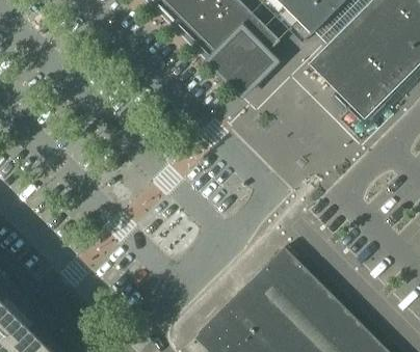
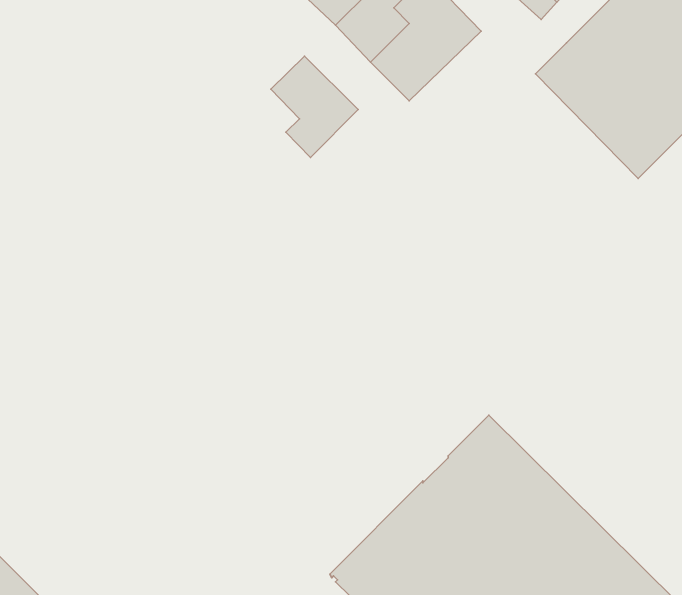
building: none -> [271,56,358,157]

